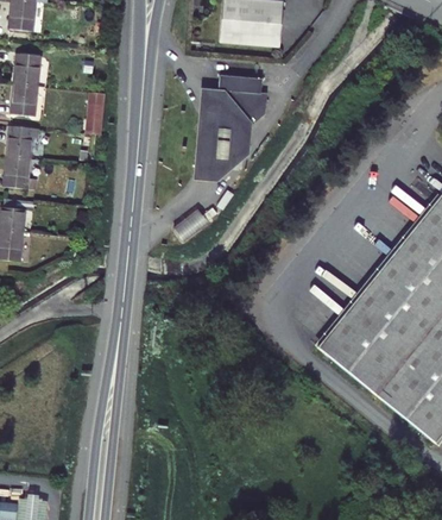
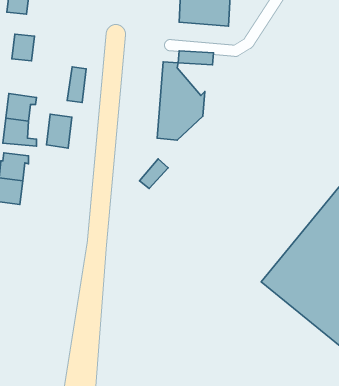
building: [13,82,39,113] -> none
building: [214,87,264,126] -> none
building: none -> [46,114,72,148]

